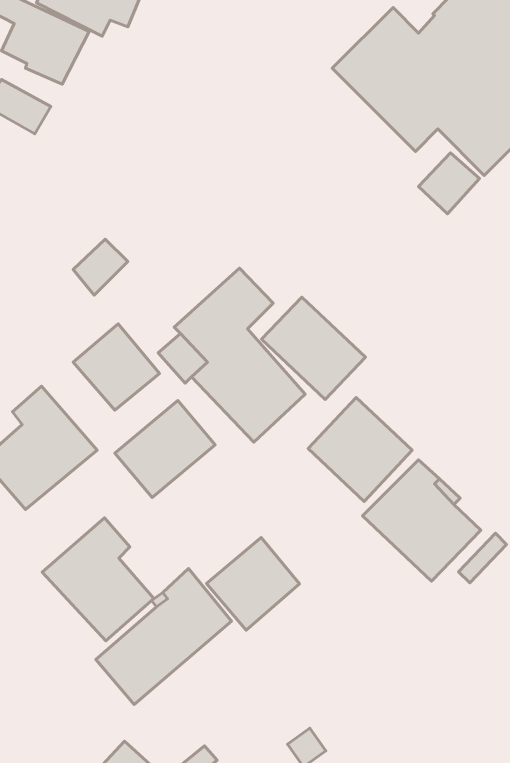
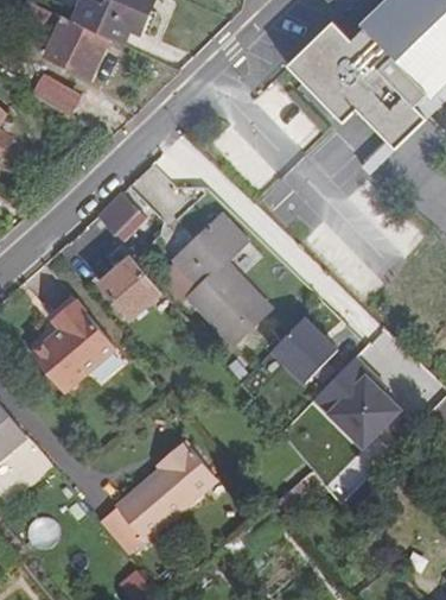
building: [262,297,365,399] -> none
building: [115,400,215,498] -> none
building: [42,518,154,641] -> none
building: [206,537,299,630] -> none

